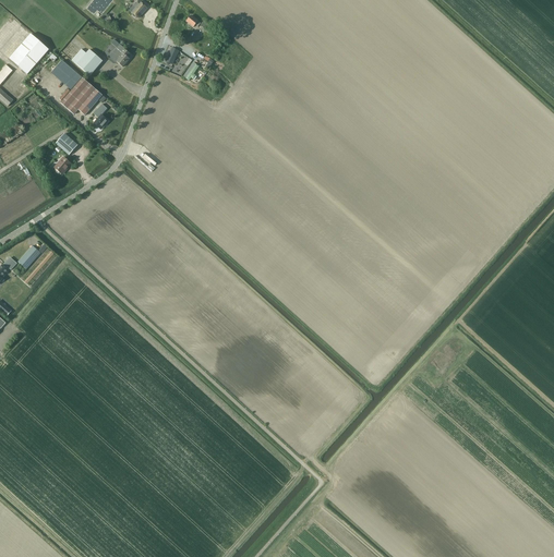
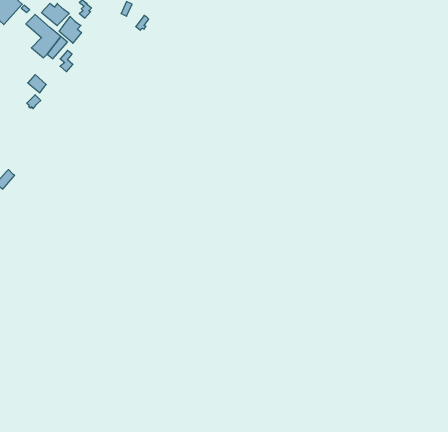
building: none -> [59,16,81,43]

